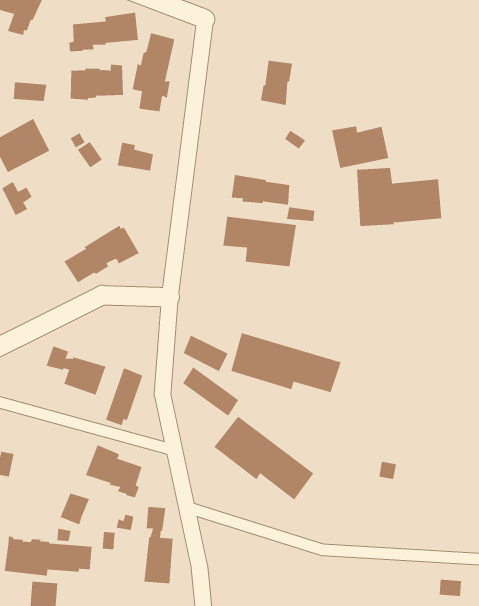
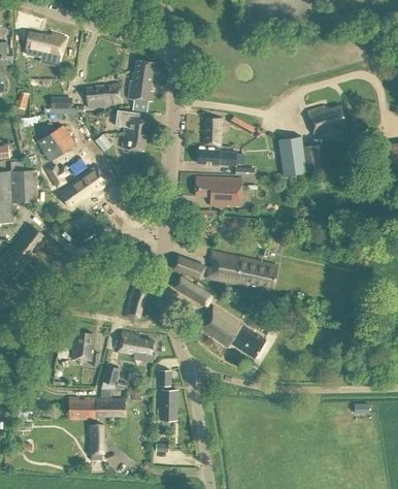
building: [69,12,139,52] -> none
building: [260,60,293,106] -> [203,118,223,146]
building: none -> [115,110,147,139]
building: [331,126,389,169] -> [307,105,346,135]
building: [63,225,140,283] -> [60,166,109,206]
building: [46,346,106,395] -> none
building: none -> [72,332,99,365]

